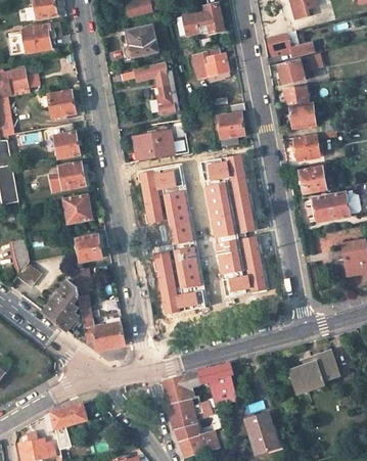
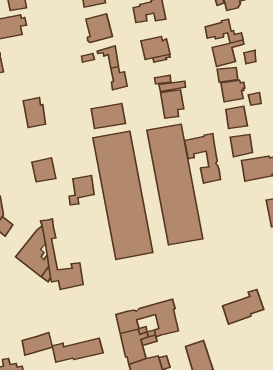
building: [48,91,75,118] -> none
building: [49,163,85,190] -> none
building: none -> [185,134,221,183]
building: [72,234,101,269] -> [69,175,94,205]
building: none -> [52,338,103,362]

